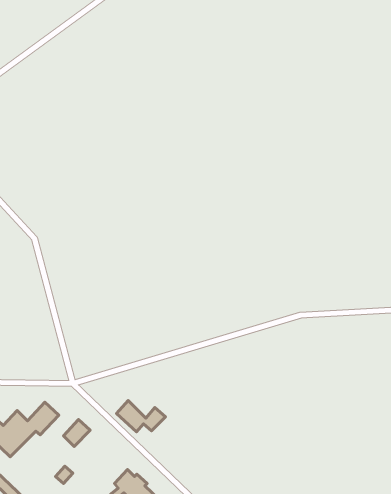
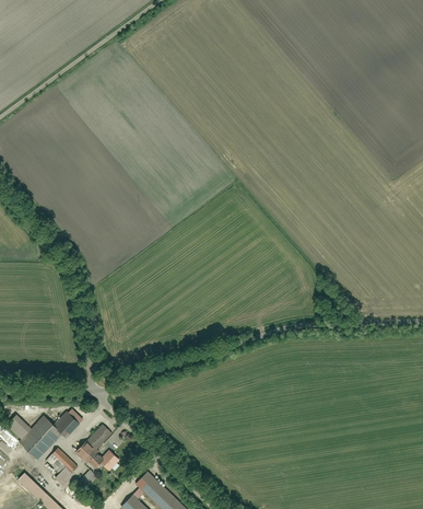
building: [117,401,165,432] -> [77,440,122,470]
building: none -> [46,449,78,486]

